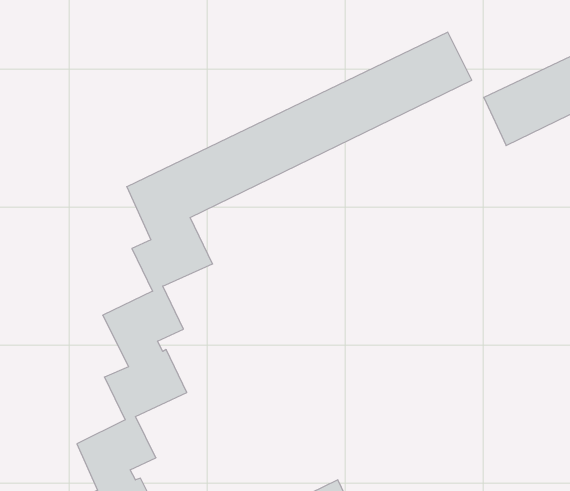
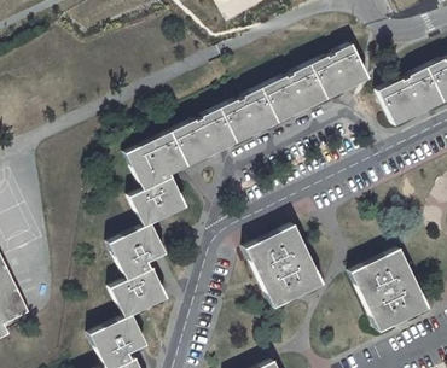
building: none -> [246,223,323,306]
building: none -> [350,247,429,331]

